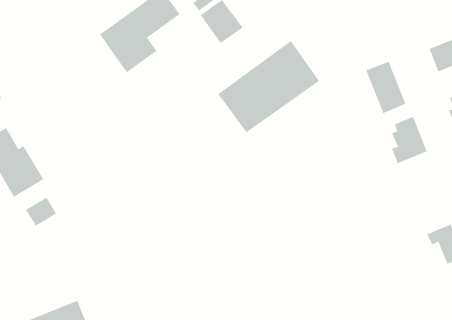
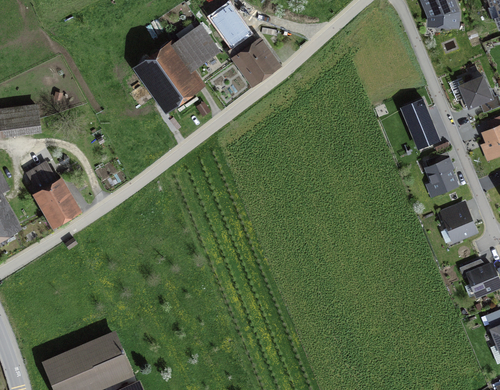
building: [218,40,320,133] -> none
building: none -> [440,200,477,242]
building: [25,197,57,227] -> none

